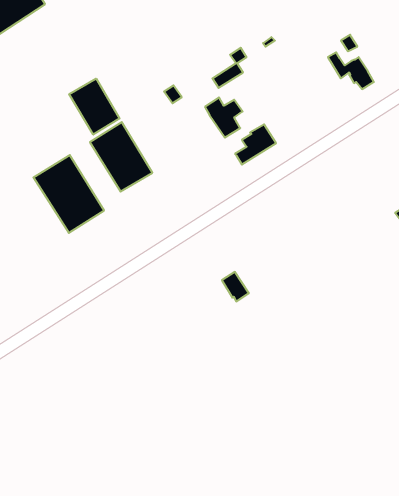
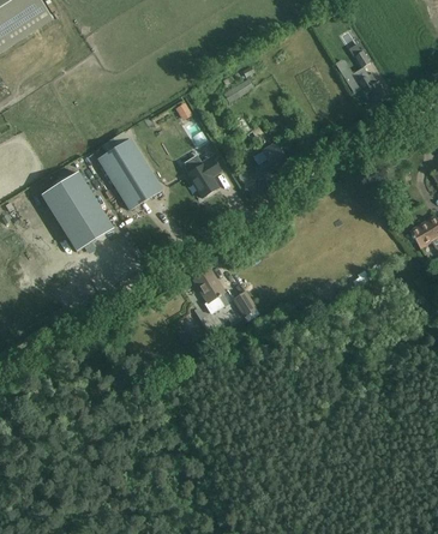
building: [69,79,120,135] -> none
building: [205,97,243,138] -> [181,155,220,196]
building: none -> [193,269,223,310]

